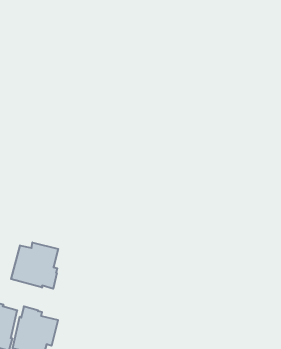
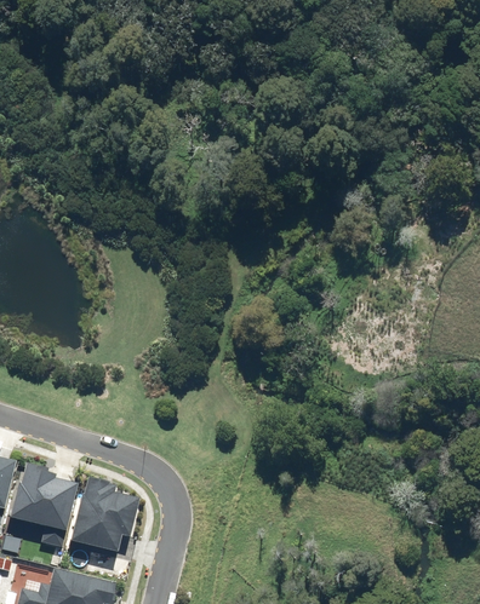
building: [11,242,58,289] -> none

